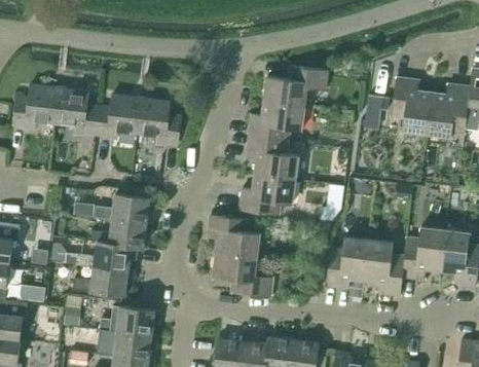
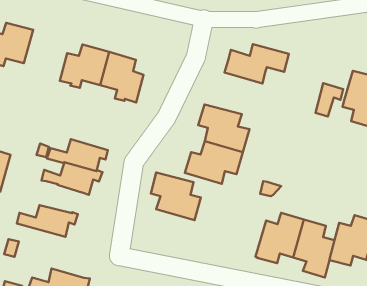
building: [54,87,98,136] -> none
building: [248,101,304,141] -> none
building: [76,242,137,270] -> none
building: [213,253,272,297] -> none
building: [90,306,160,335] -> none

